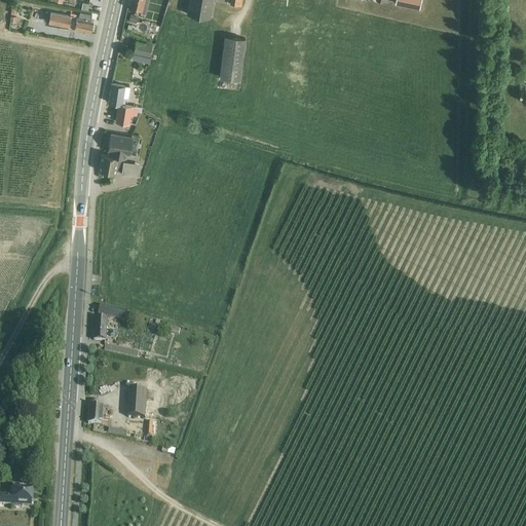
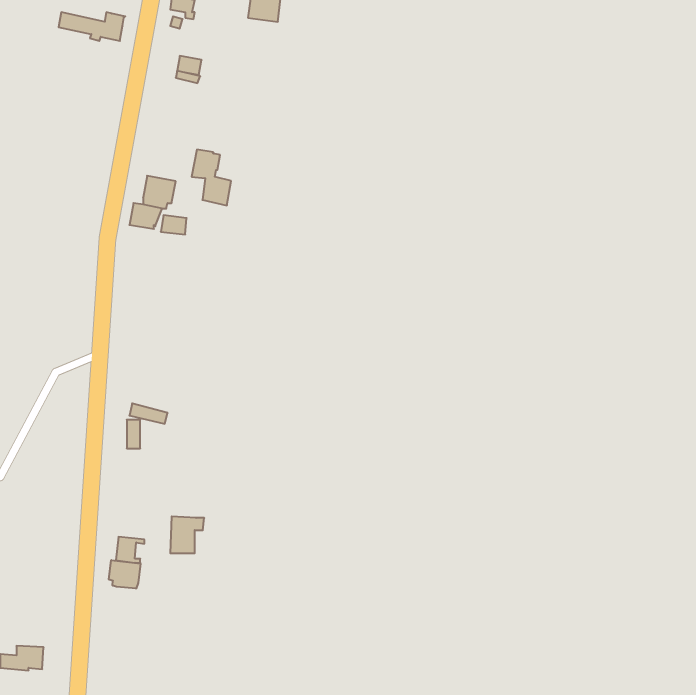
building: [221,35,243,78] -> none
building: [108,82,138,124] -> [192,150,231,205]
building: none -> [109,560,140,589]

